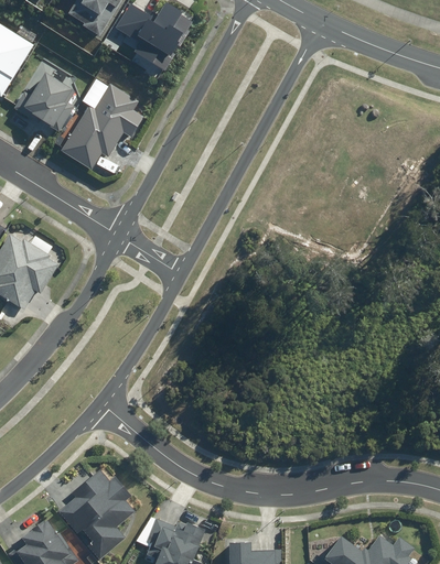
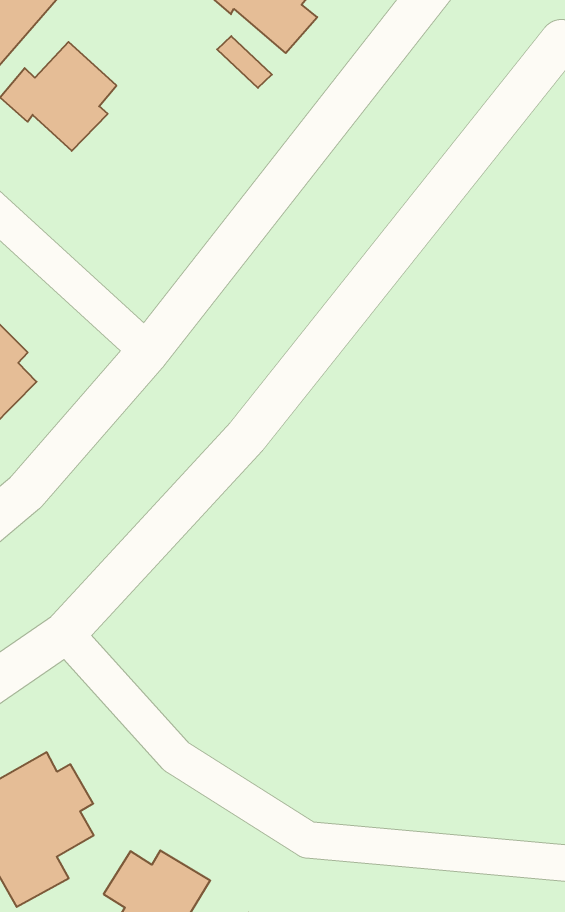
building: [58,83,144,172] -> none

